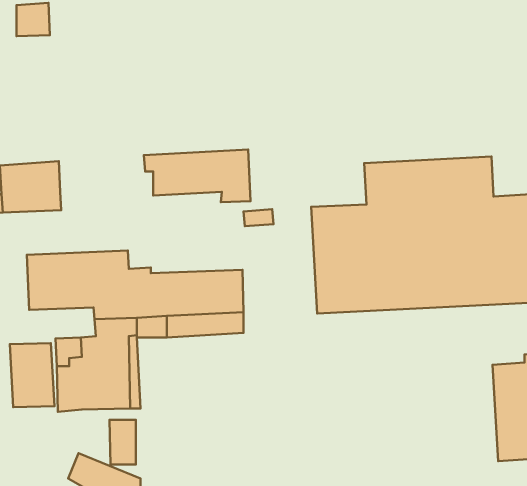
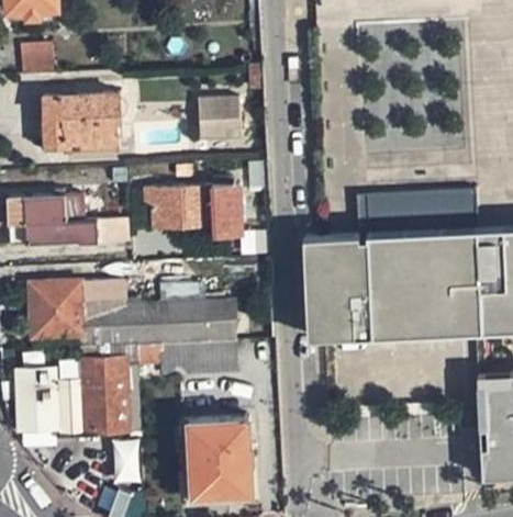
building: none -> [41,93,118,149]
building: none -> [194,95,239,143]
building: none -> [63,221,123,246]
building: none -> [183,417,254,492]

